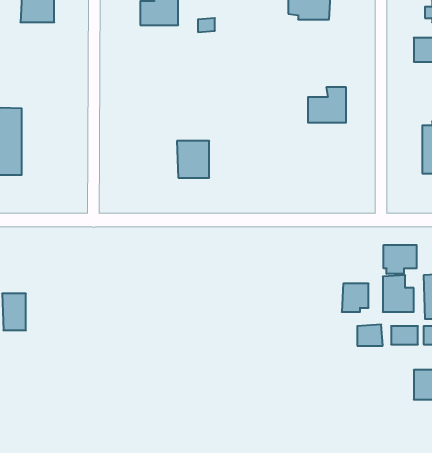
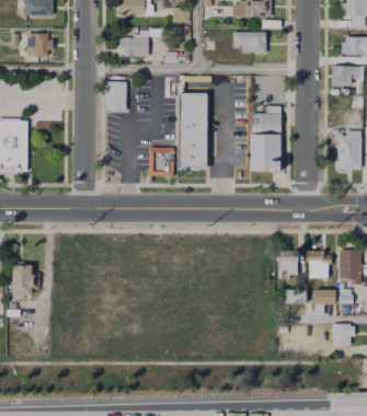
building: none -> [105,81,126,109]
building: none -> [179,94,208,169]
building: none -> [249,135,279,172]
building: [384,245,417,274] -> none

